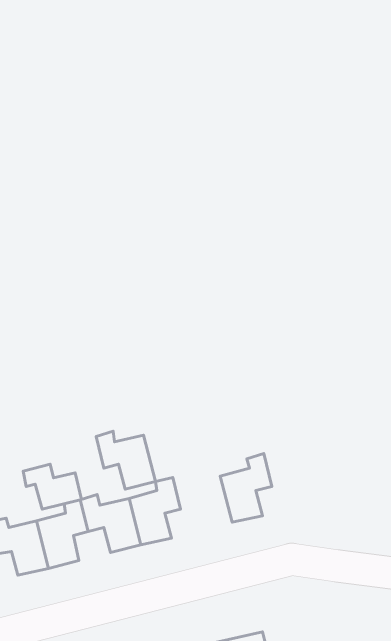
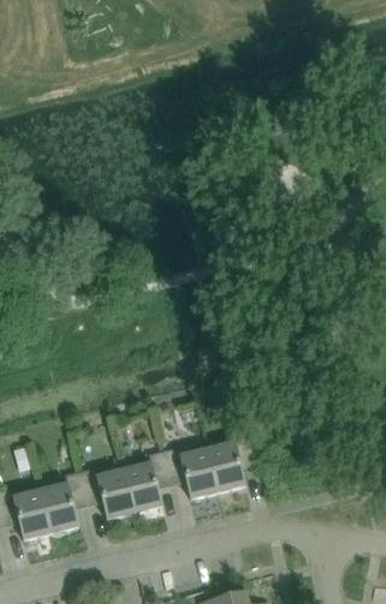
building: [96,431,156,489] -> [164,445,218,498]
building: [23,464,82,509] -> none

